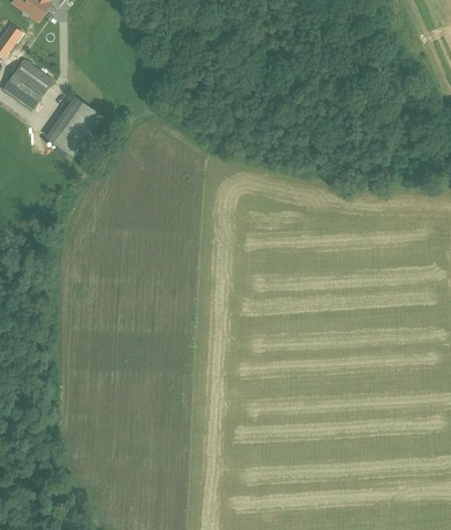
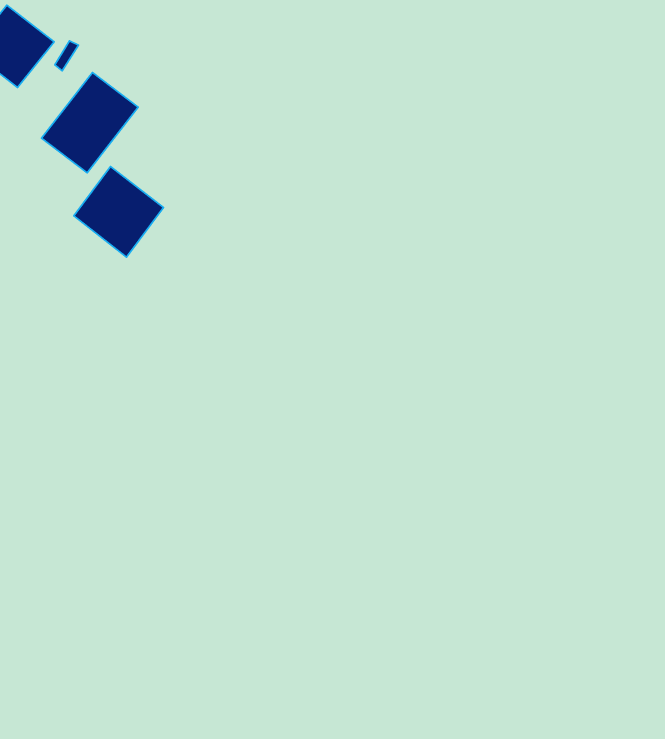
building: none -> [74,167,163,257]

